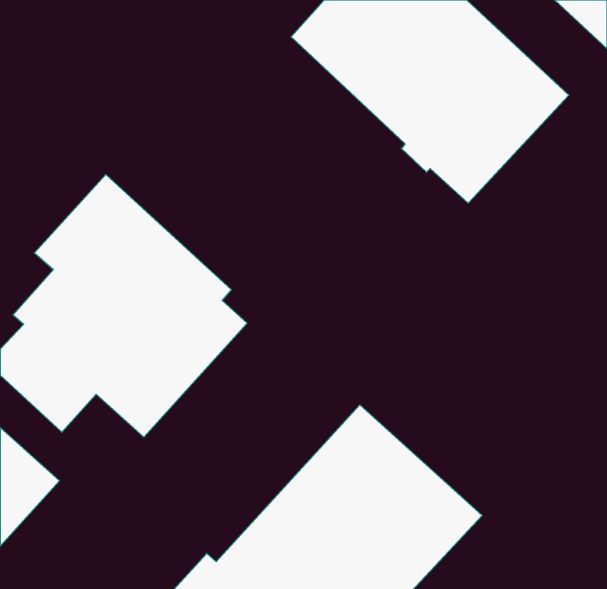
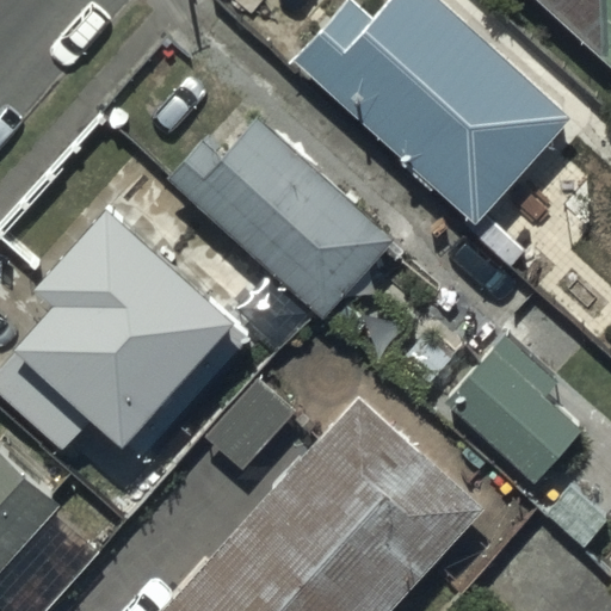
building: none -> [167,115,393,316]
building: none -> [455,337,575,482]

